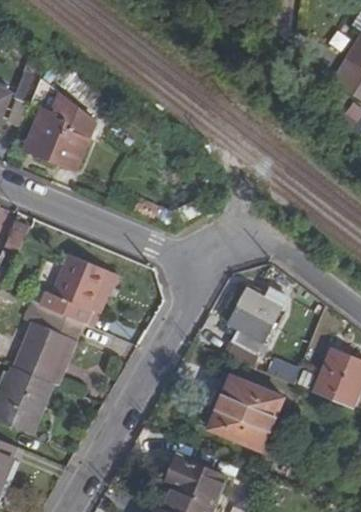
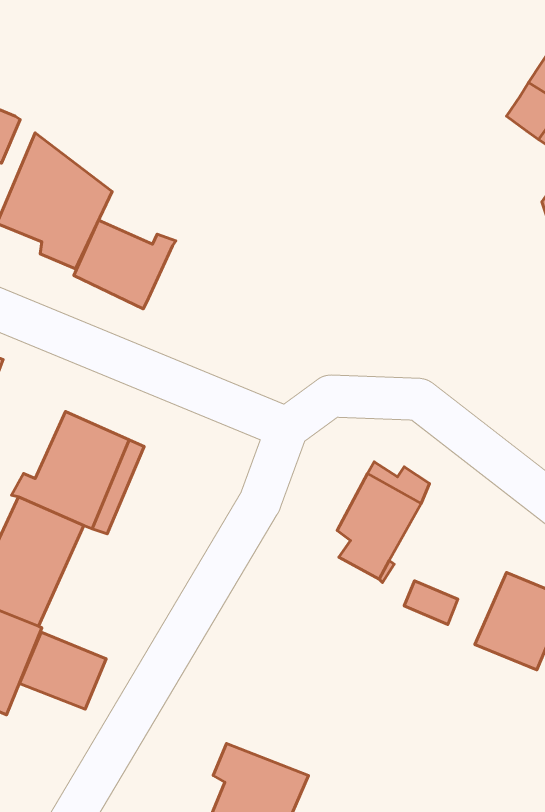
building: none -> [74,220,176,309]
building: [207,376,282,450] -> none
building: none -> [19,632,106,709]

